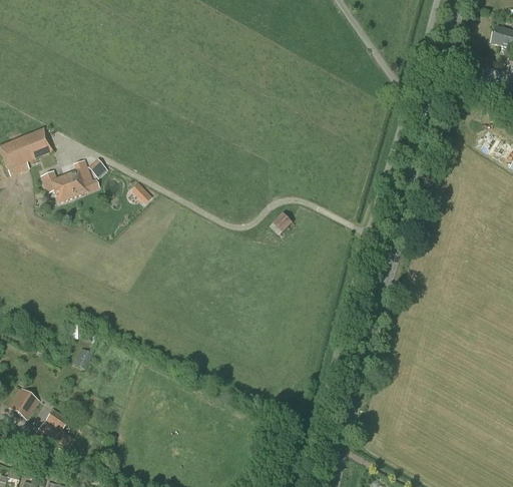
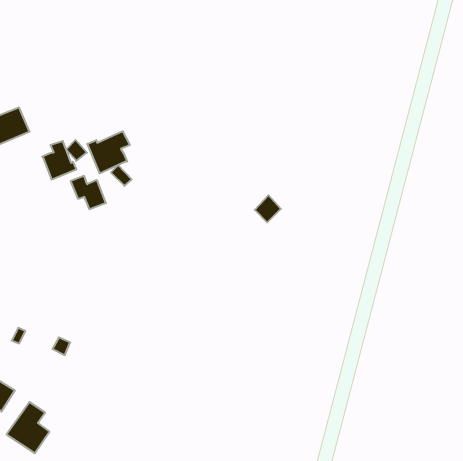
building: none -> [87,131,130,173]
building: [40,171,74,203] -> [71,176,106,209]

